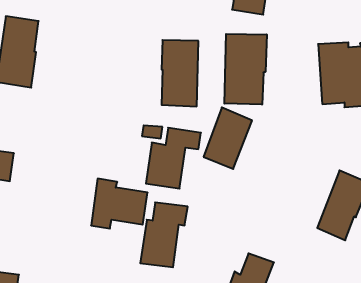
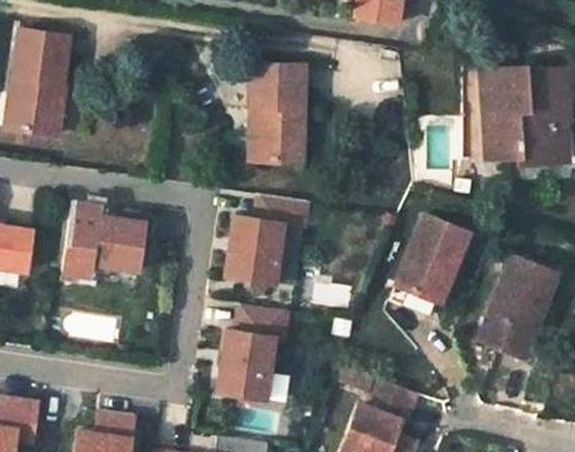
building: [224,34,267,105] -> none
building: [204,107,252,169] -> [395,213,466,303]
building: [91,179,148,229] -> [63,202,146,276]

